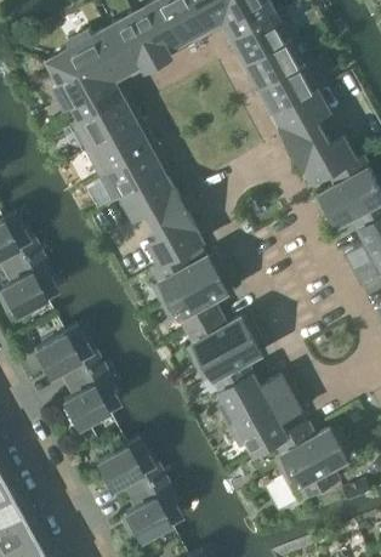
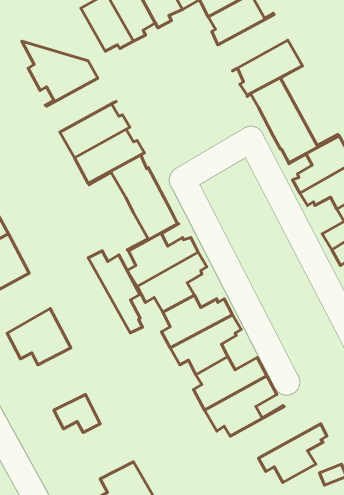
building: [50,29,132,81] -> none
building: [244,35,313,91] -> none
building: [74,98,143,152] -> none
building: none -> [88,251,142,333]
building: [63,365,119,427] -> none
building: [256,424,346,474] -> none
building: [97,439,160,495] -> none

